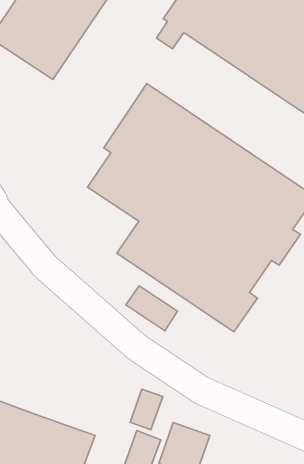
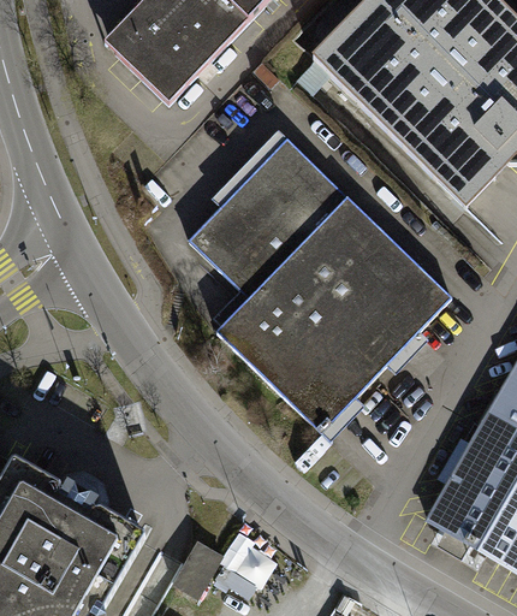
building: [126,286,178,331] -> none
building: [130,389,163,430] -> none

